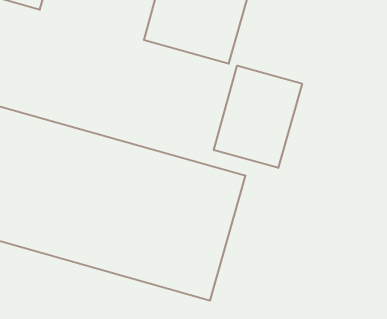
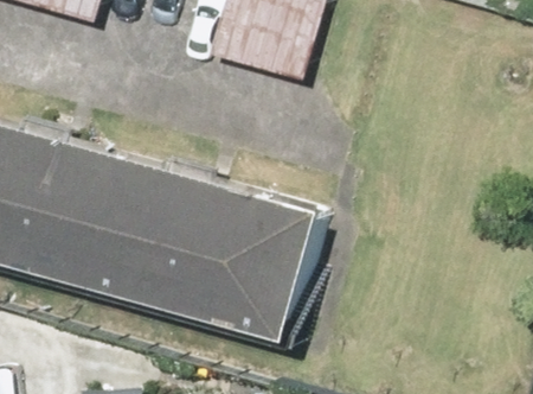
building: [214,66,302,168] -> none

